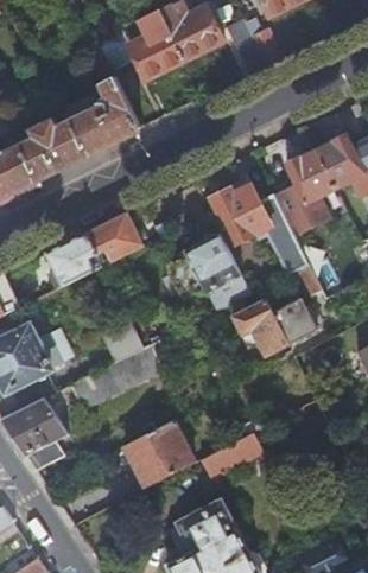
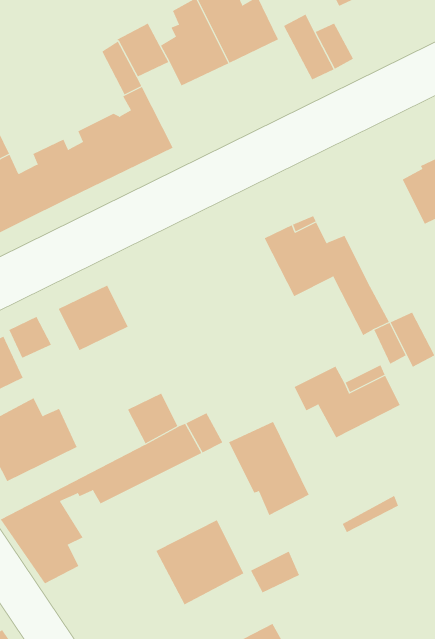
building: [274,151,337,235] -> none
building: [87,214,144,267] -> none
building: [186,233,250,307] -> [228,421,309,516]

